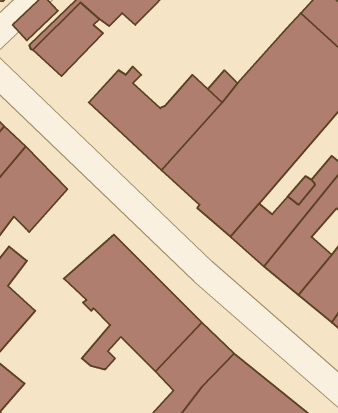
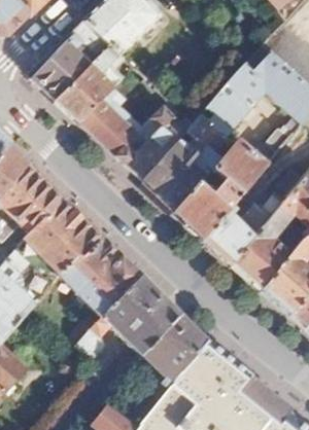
building: none -> [58,46,134,123]
building: none -> [11,199,103,303]

